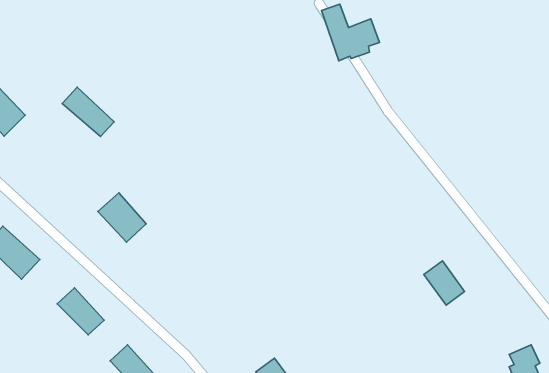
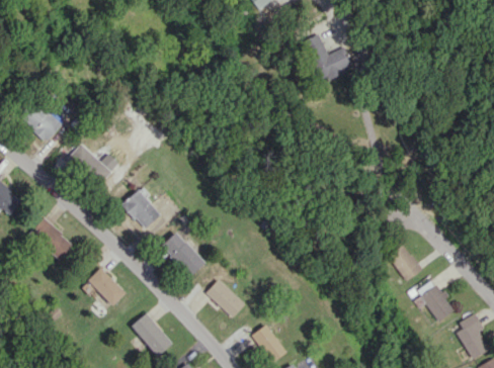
building: [62,87,114,137] -> [69,144,111,184]
building: none -> [161,232,205,277]
building: none -> [205,279,245,317]
building: none -> [418,279,455,321]

